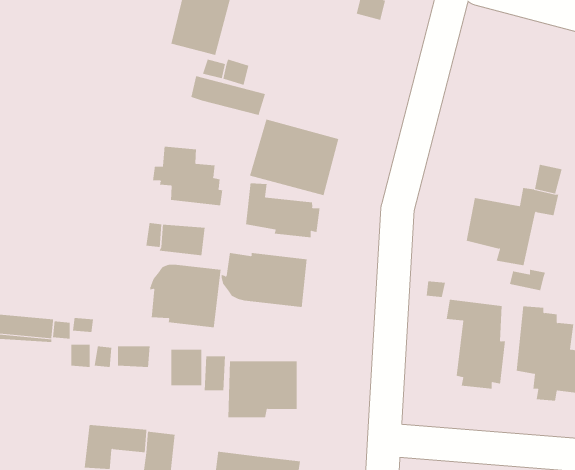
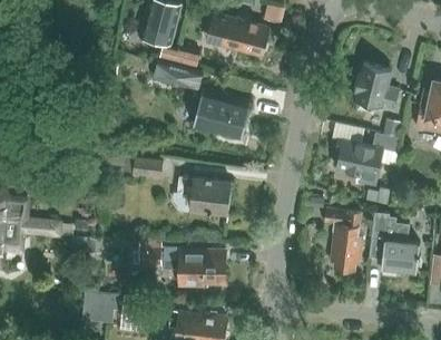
building: none -> [208,14,270,57]
building: none -> [353,64,399,110]
building: [152,146,223,206] -> none
building: [246,182,320,238] -> none
building: [149,264,221,328] -> none

